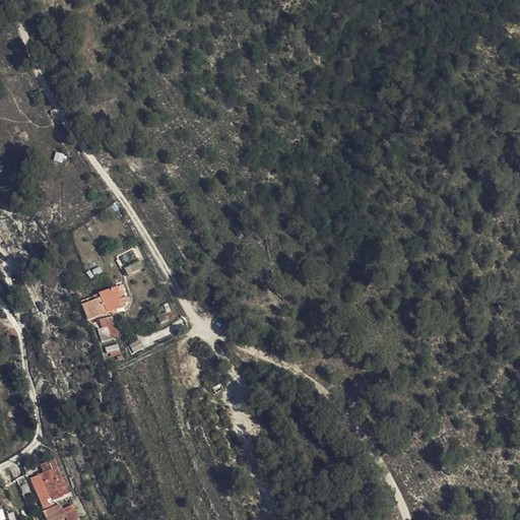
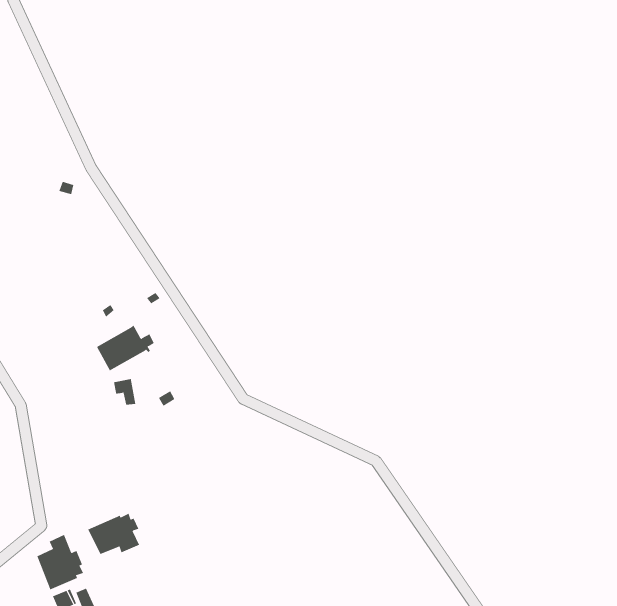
building: none -> [87,513,140,555]

